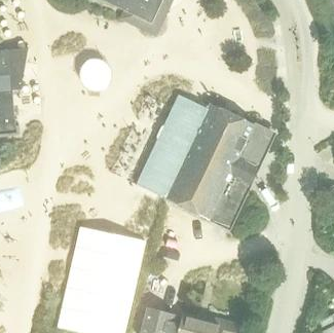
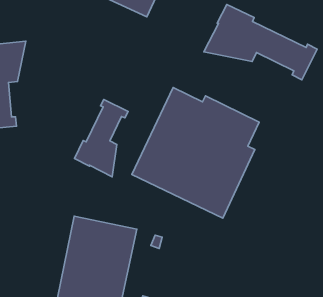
building: none -> [204,4,317,80]
building: none -> [75,100,128,177]

